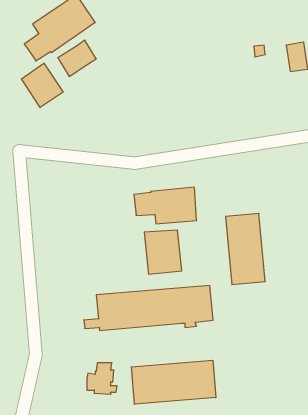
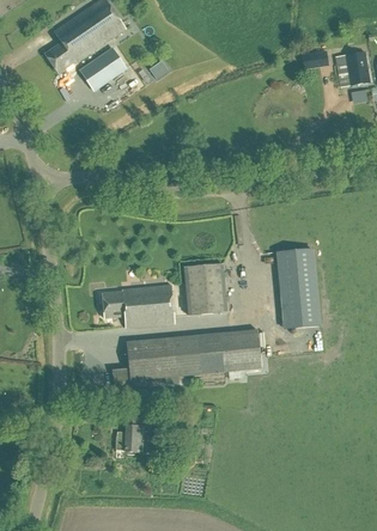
building: [22,63,63,108] -> none
building: [134,187,197,224] -> [101,286,172,328]
building: [131,360,216,404] -> none

